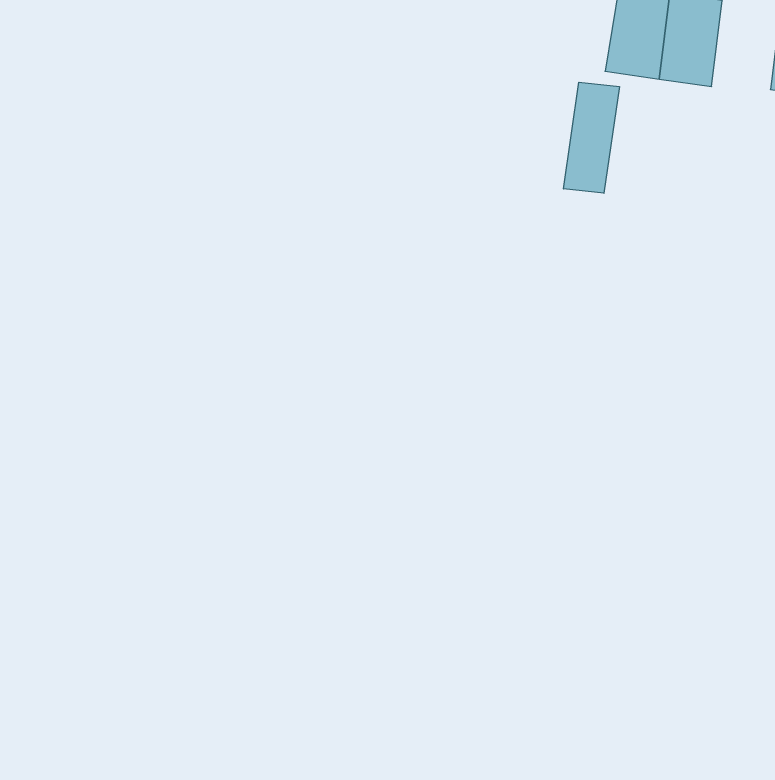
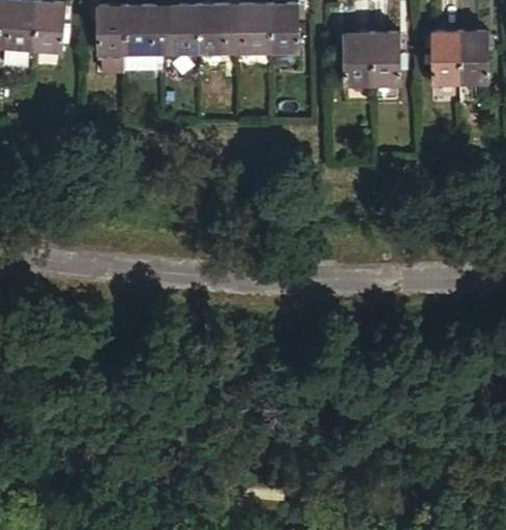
building: [564,82,619,193] -> none

